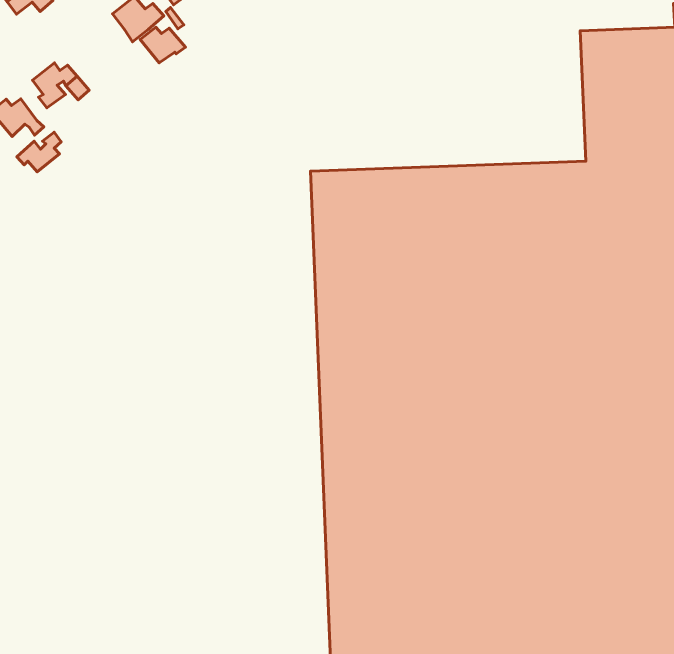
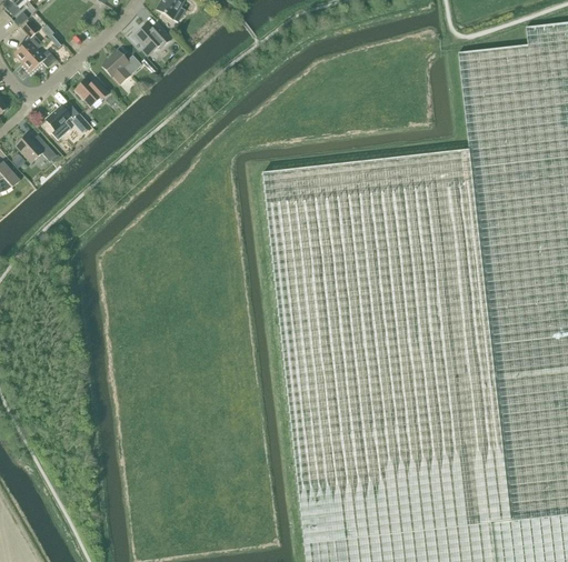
building: [140,27,186,63] -> [77,80,111,107]
building: [17,132,61,172] -> none

